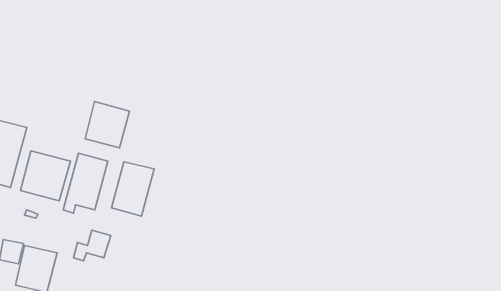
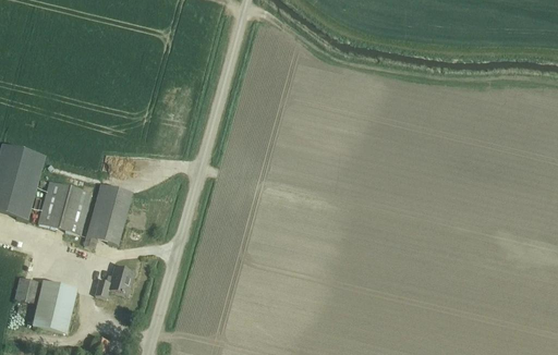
building: [85,102,129,148] -> none
building: [112,162,154,216] -> none

